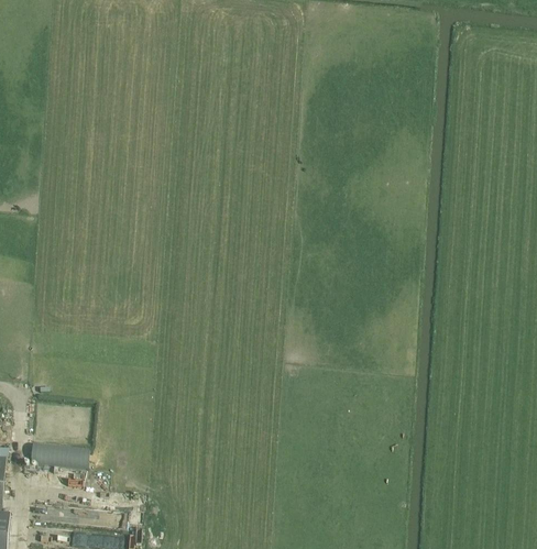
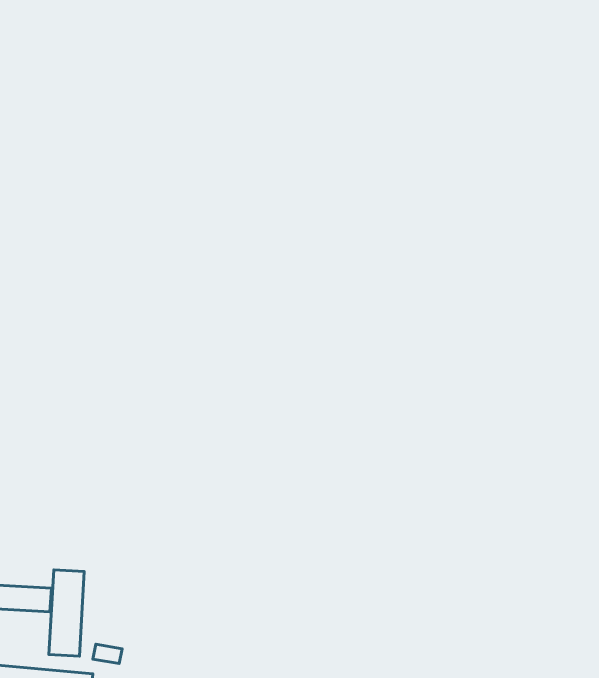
building: none -> [49,570,84,656]

